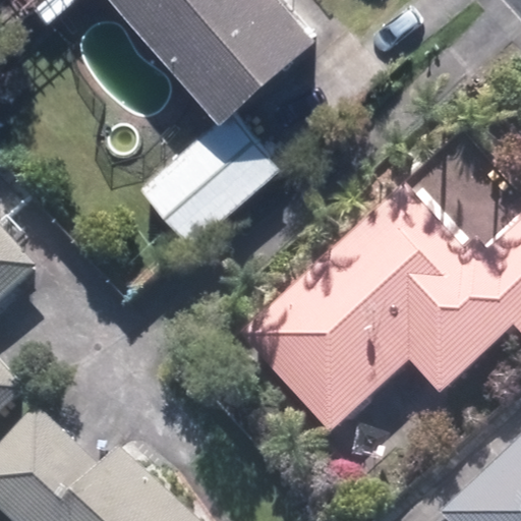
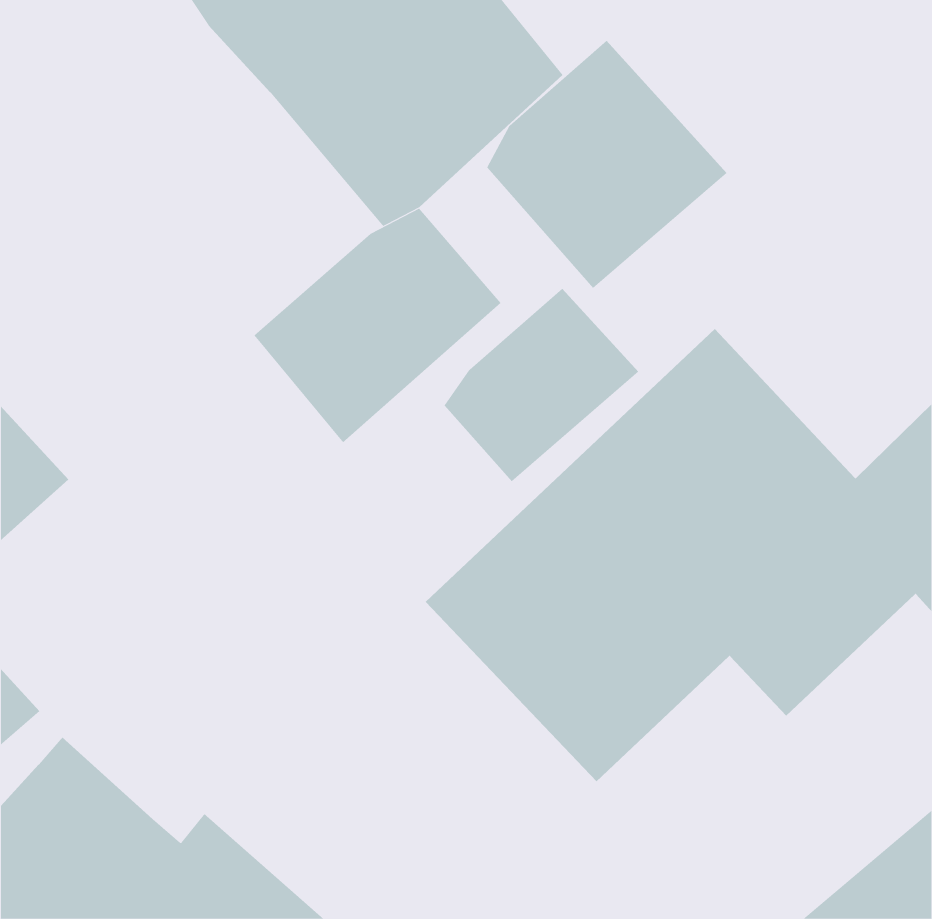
building: none -> [486,40,727,289]
building: none -> [444,288,639,482]

